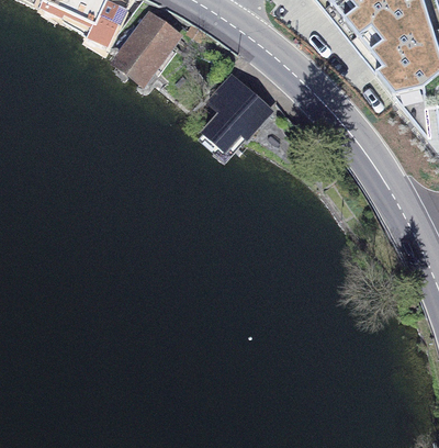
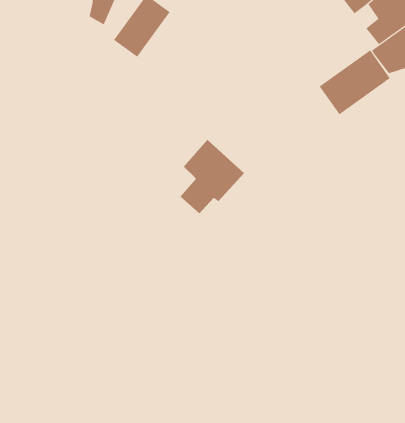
building: none -> [319,49,391,115]
building: [205,77,270,152] -> [180,139,245,214]

